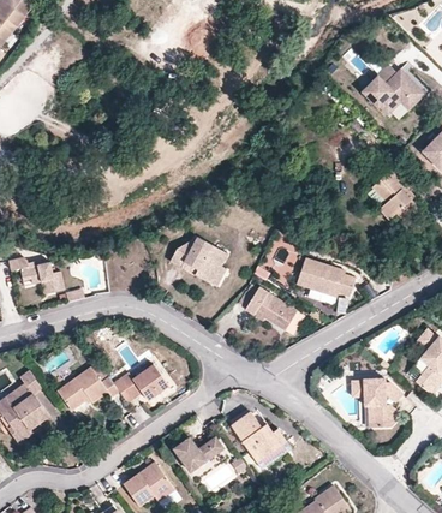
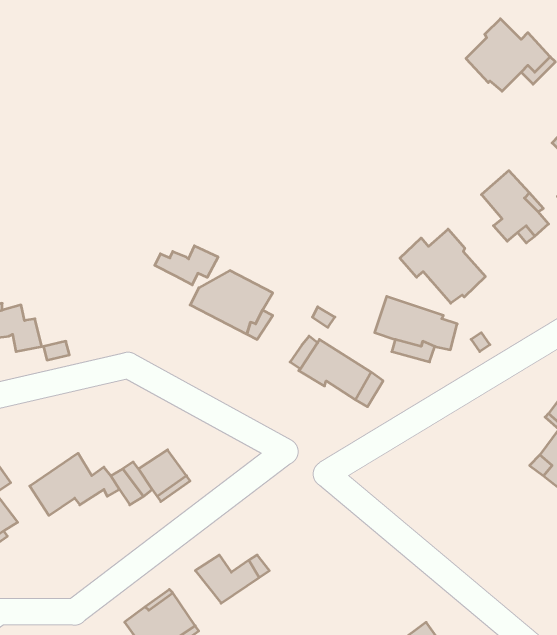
building: none -> [400,229,485,303]
building: none -> [155,246,218,285]
building: [353,378,405,429] -> none
building: [232,412,287,461] -> none

